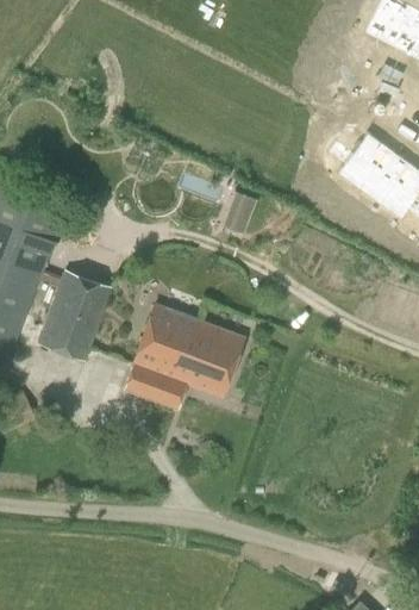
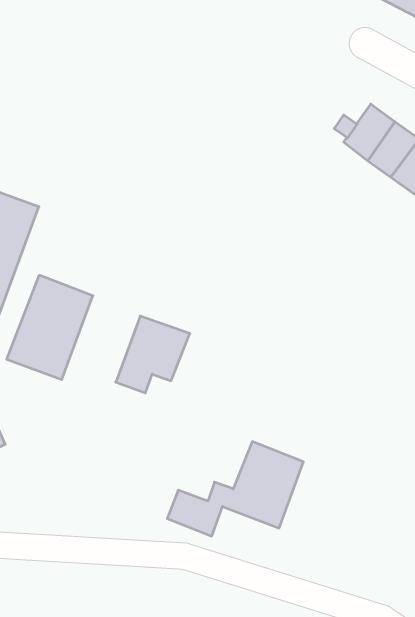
building: [121,326,242,410] -> [167,442,303,536]

